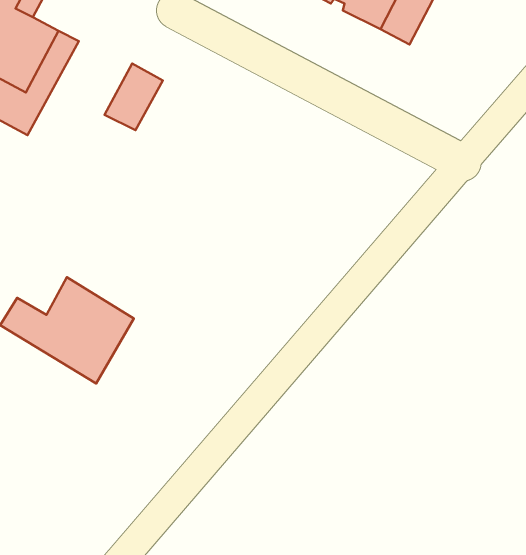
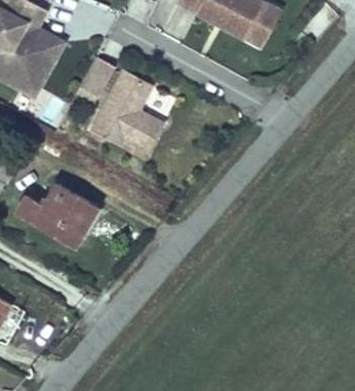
building: none -> [92,69,163,150]

